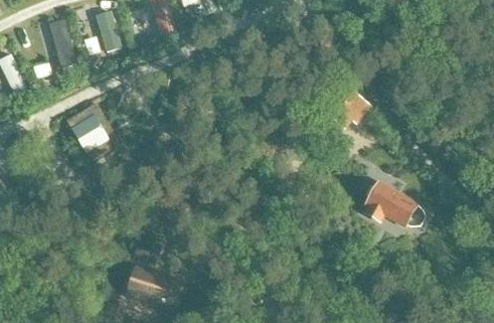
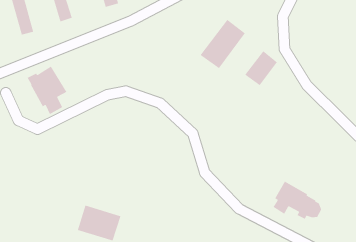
building: none -> [199,19,246,69]
building: [363,182,422,228] -> [272,180,322,220]

